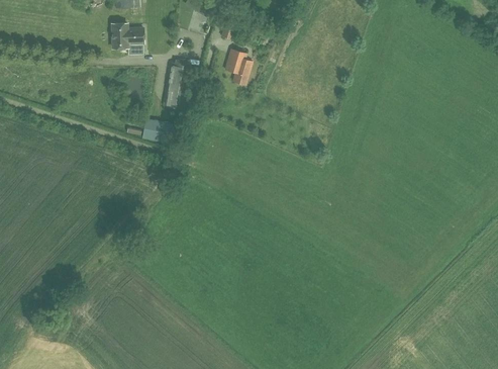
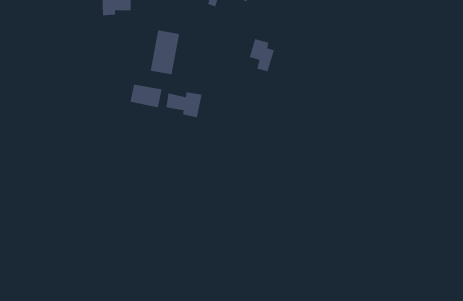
building: [224,49,252,84] -> [249,38,275,72]
building: none -> [165,91,202,118]

